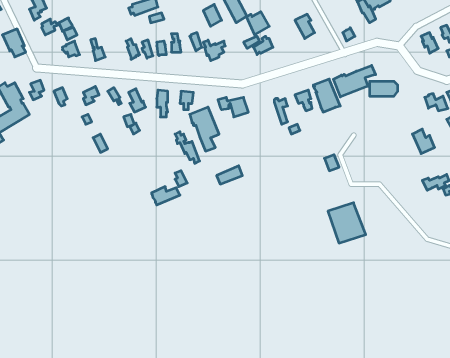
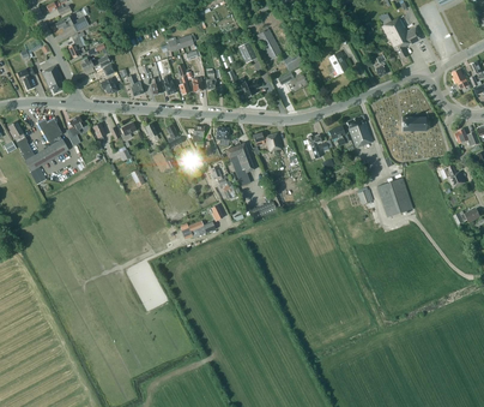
building: [333,65,376,97] -> none
building: [328,203,366,243] -> [375,176,412,216]

